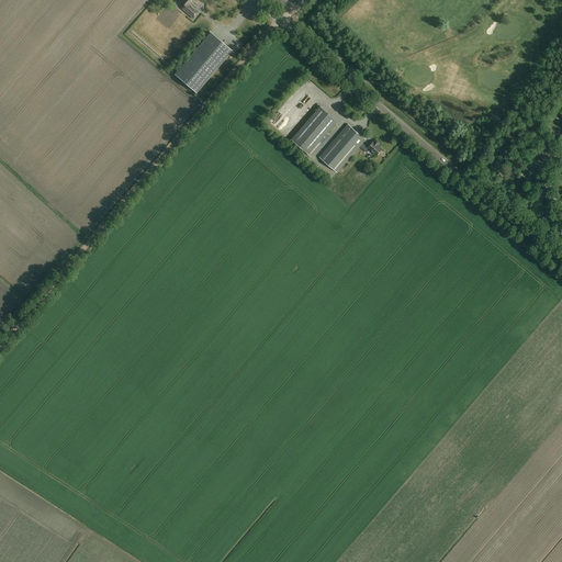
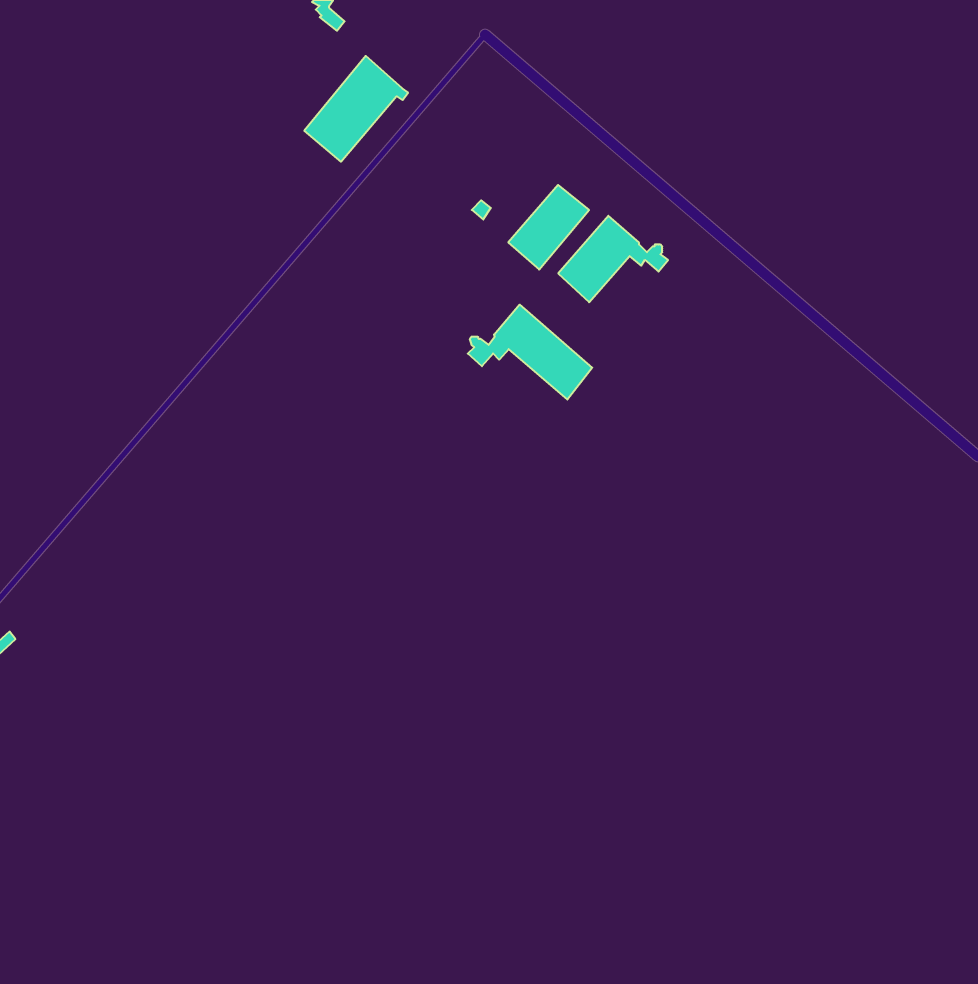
building: none -> [468,305,592,400]

